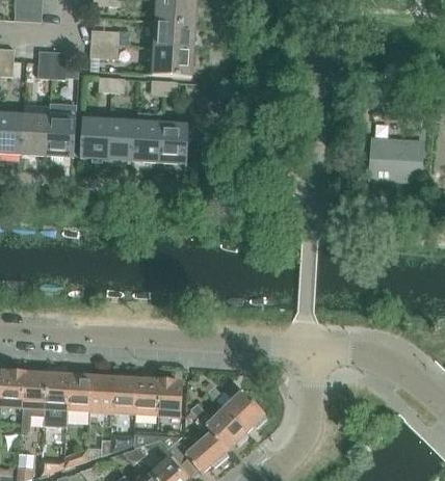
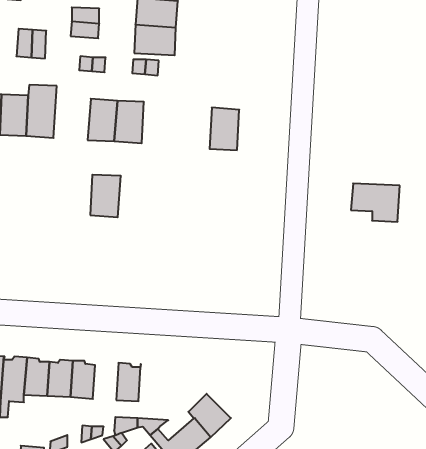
building: [79,117,109,159] -> [90,175,121,217]
building: [159,122,188,163] -> [210,108,239,150]
building: [371,141,419,179] -> [351,183,400,222]
building: [111,376,136,413] -> none
building: [156,378,182,417] -> none
building: [222,390,265,431] -> none

